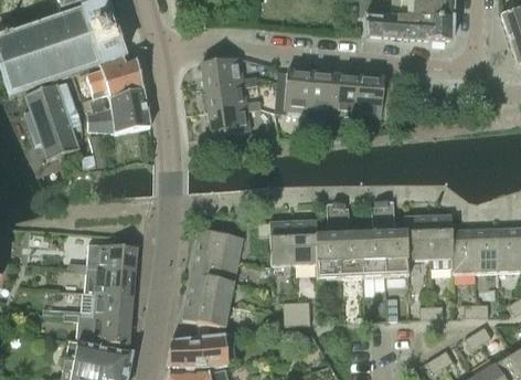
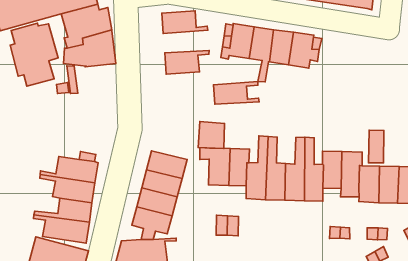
building: [205,80,262,110] -> [213,81,259,104]
building: none -> [368,130,384,163]
building: none -> [198,121,225,148]

